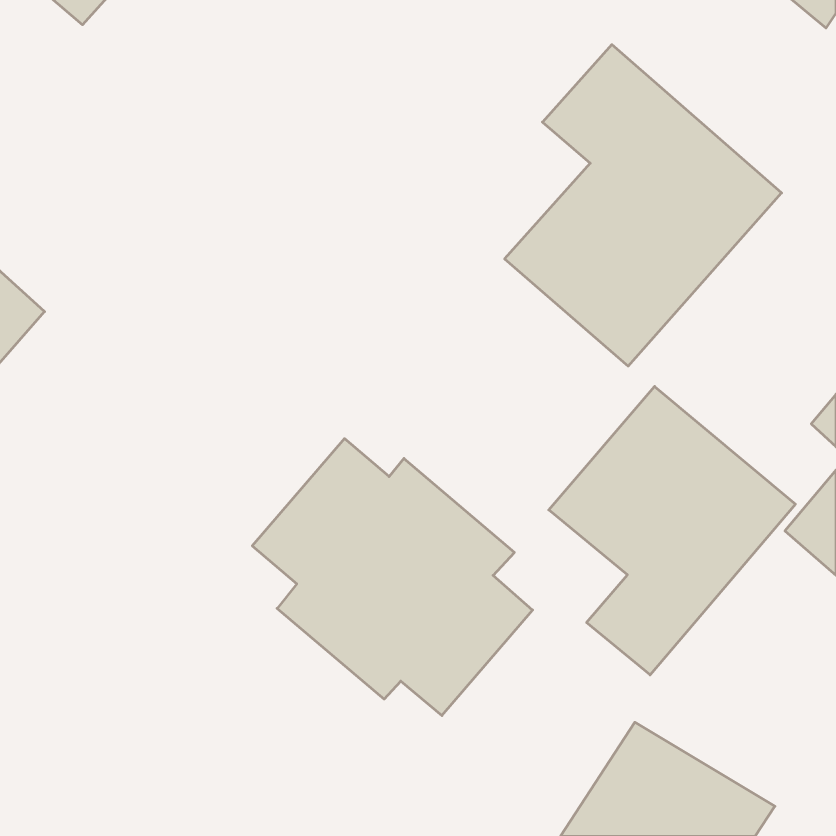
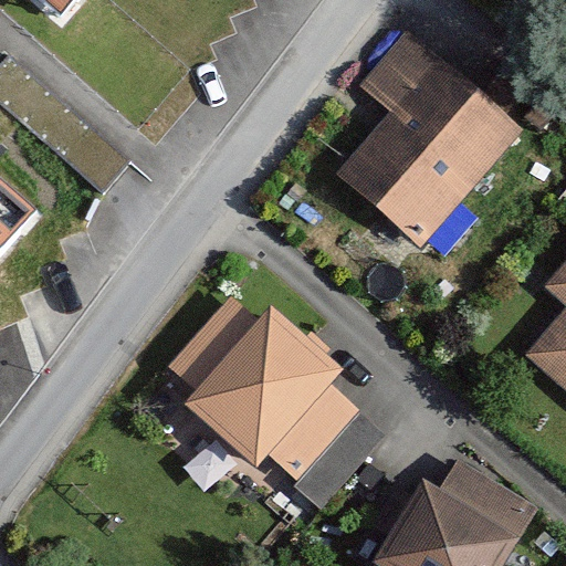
building: [549,386,795,675] -> none

